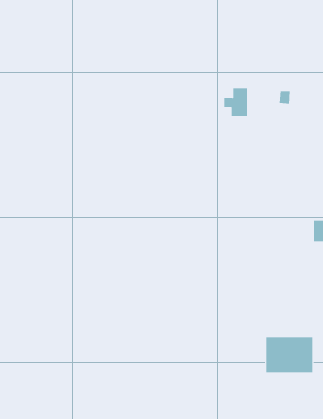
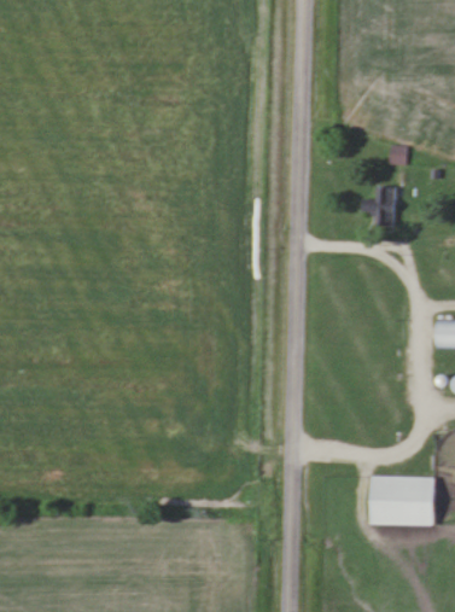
building: [224,88,248,117] -> [362,187,395,226]

